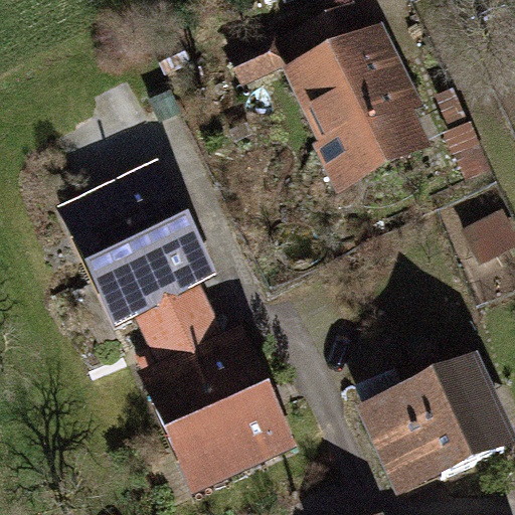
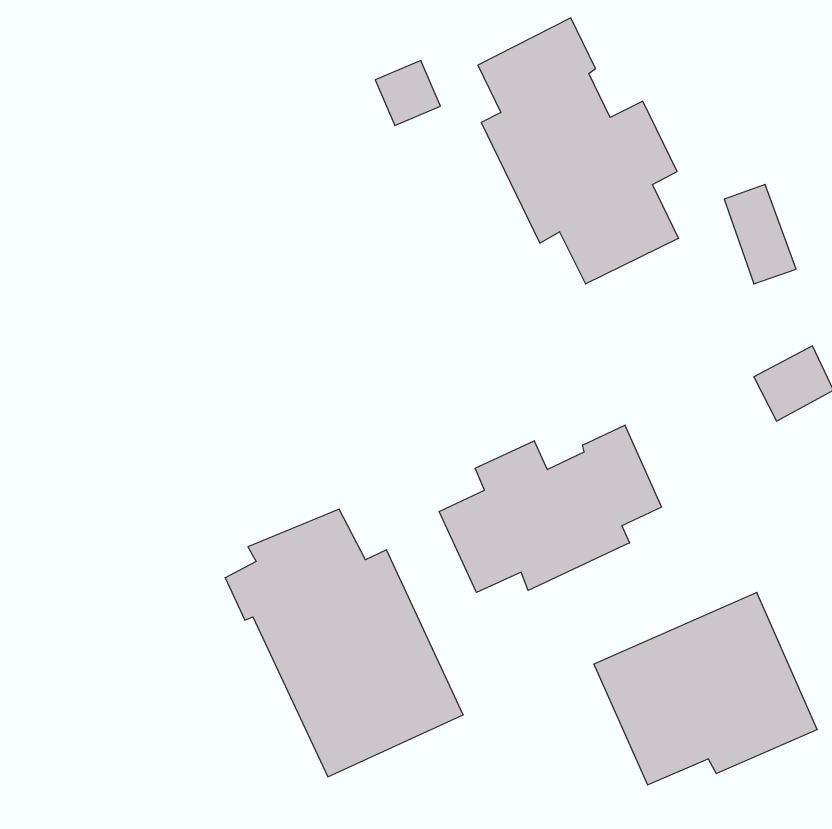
building: [76,172,210,337] -> none
building: none -> [439,425,662,592]

